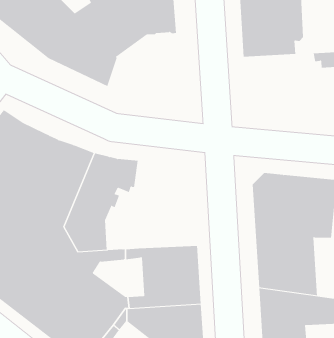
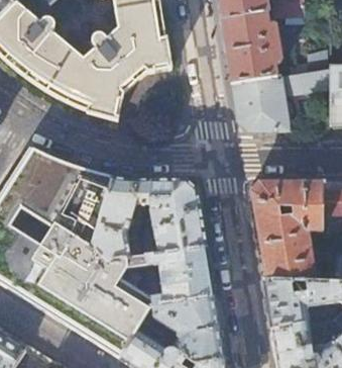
building: none -> [231,74,290,130]
building: none -> [148,179,208,254]

